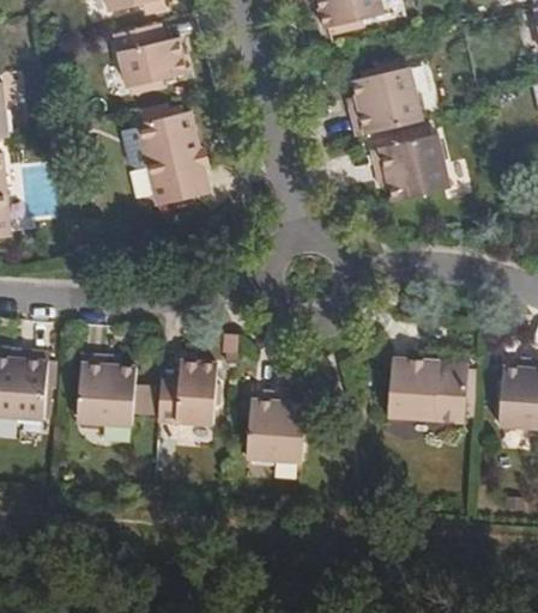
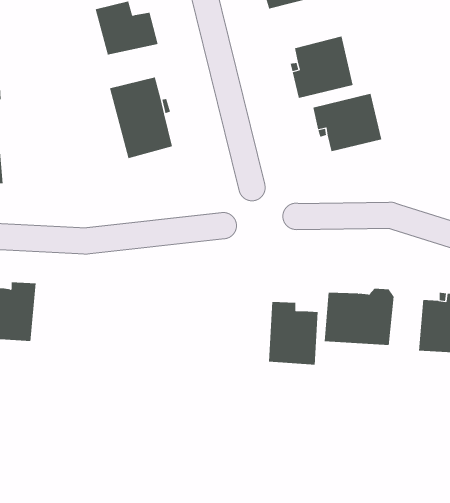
building: [75,354,137,426] -> none
building: [157,358,217,423] -> none
building: [247,392,306,466] -> [268,301,319,365]

